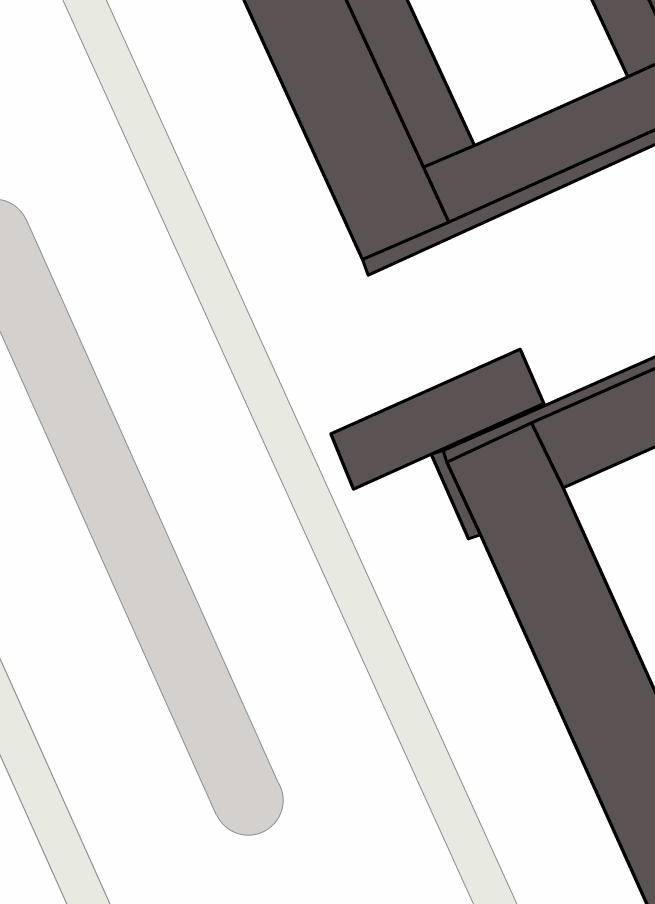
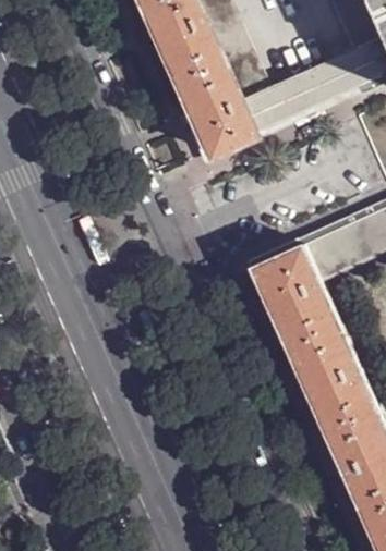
building: [331,349,544,489] -> none

